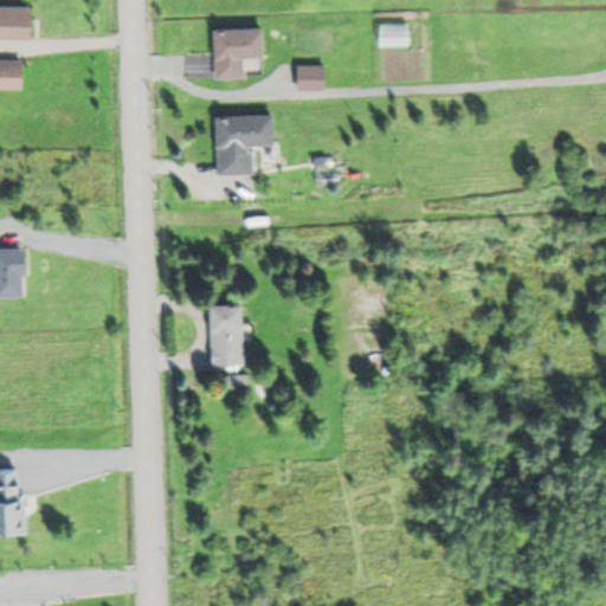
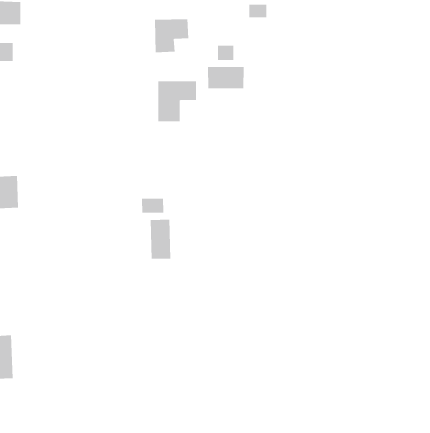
building: [379,28,405,47] -> [248,4,267,18]
building: none -> [208,66,244,89]
building: none -> [142,198,164,214]

